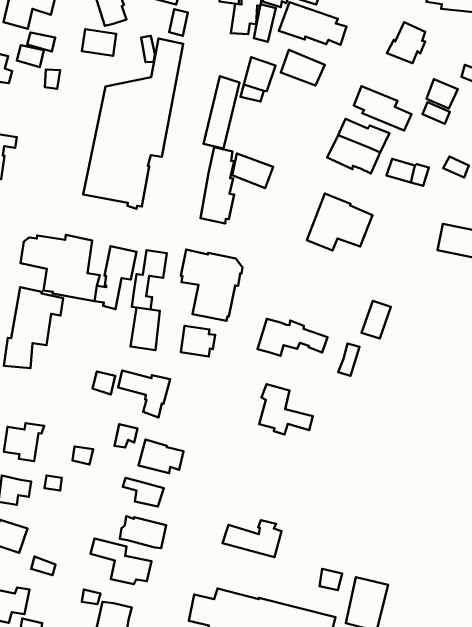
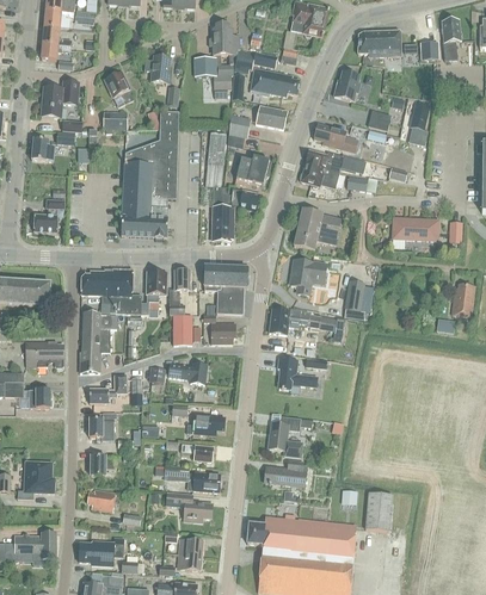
building: none -> [234,155,269,185]
building: none -> [289,259,325,293]
building: none -> [88,372,125,402]
building: none -> [266,415,310,457]

